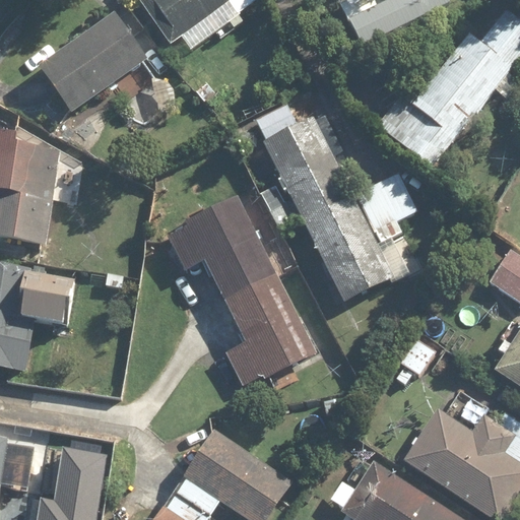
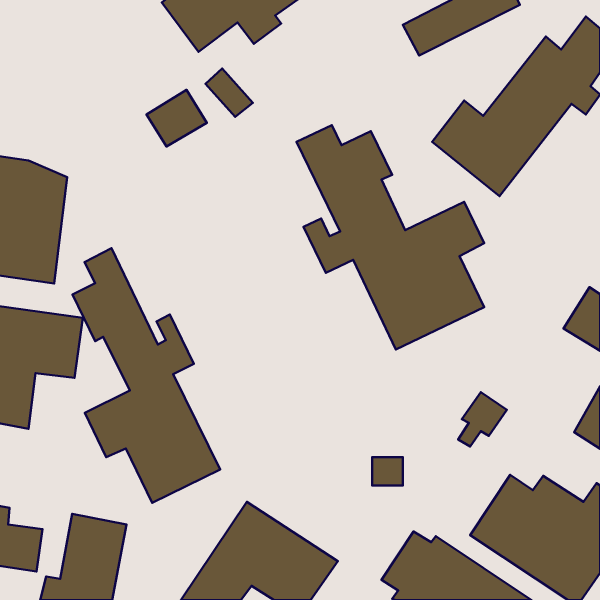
building: [34,11,149,116] -> none
building: [173,199,318,385] -> none
building: none -> [73,248,220,503]

